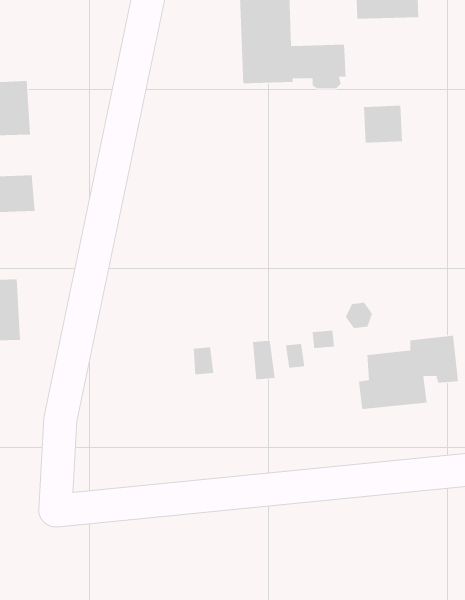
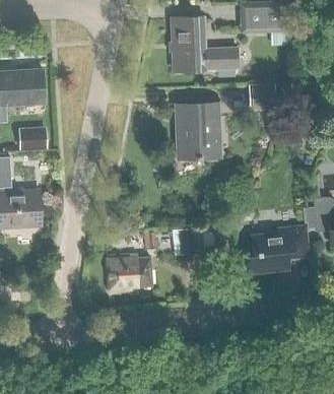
building: none -> [176,104,219,158]
building: none -> [107,255,152,292]

